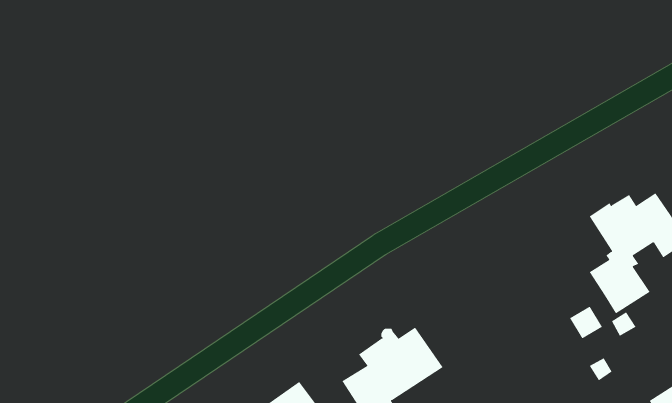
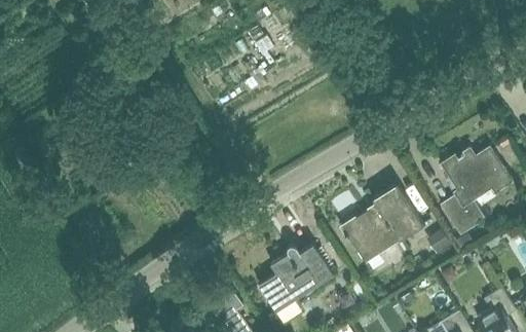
building: none -> [341,184,424,264]

